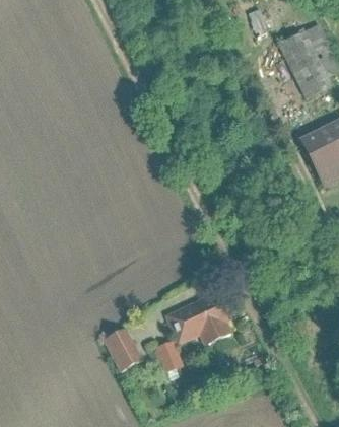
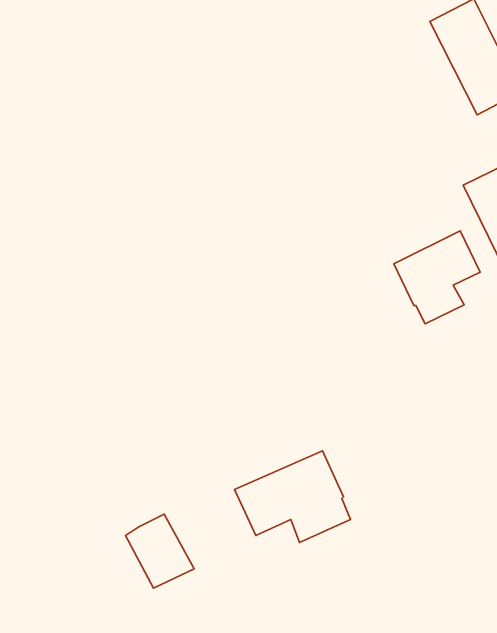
building: none -> [394,231,480,324]
building: [151,338,186,377] -> none

